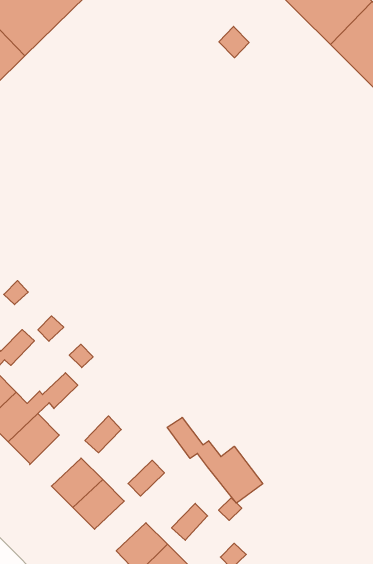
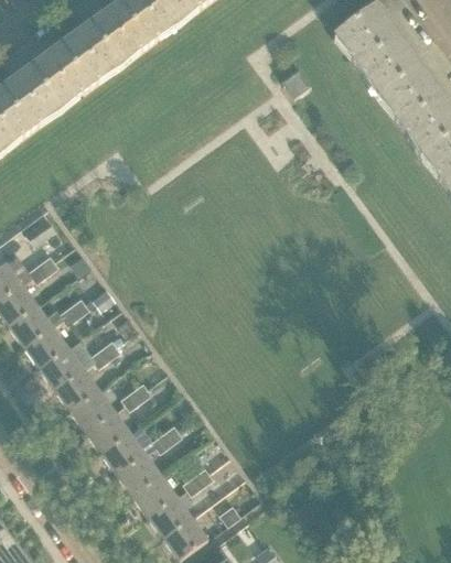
building: [167,417,263,503] -> none
building: none -> [69,387,114,429]
building: none -> [116,451,160,491]

